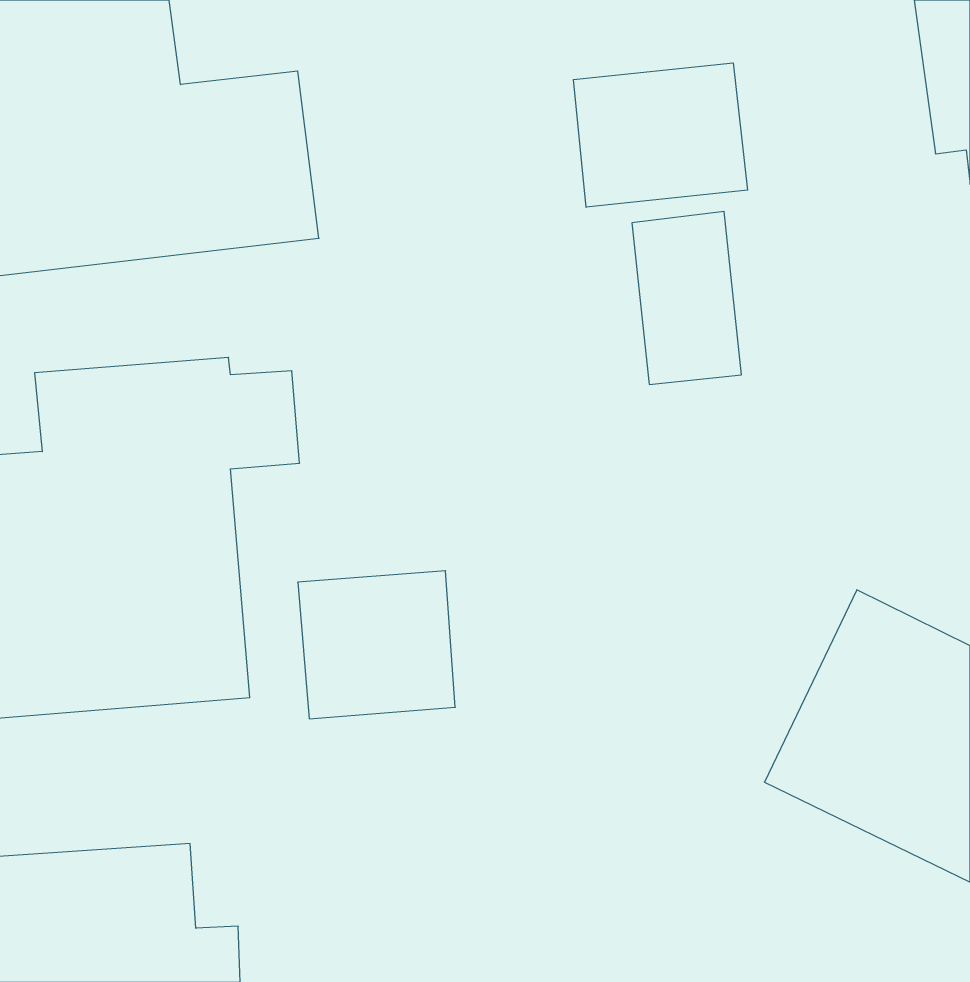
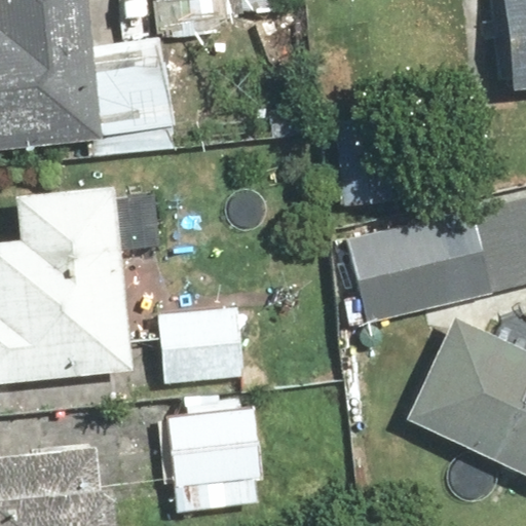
building: [573,63,748,207] -> none
building: none -> [341,203,494,326]
building: none -> [165,393,266,515]

